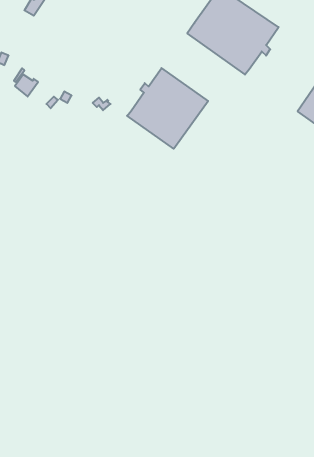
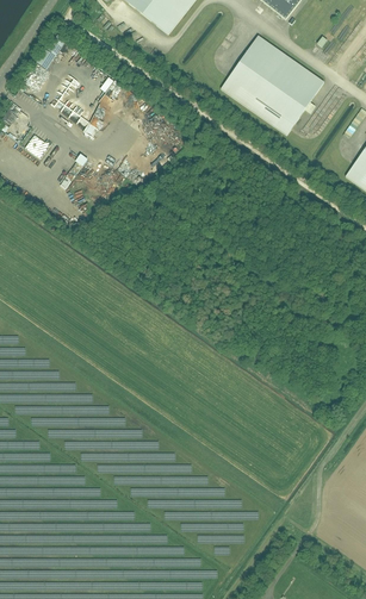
building: [127,68,208,149] -> none

